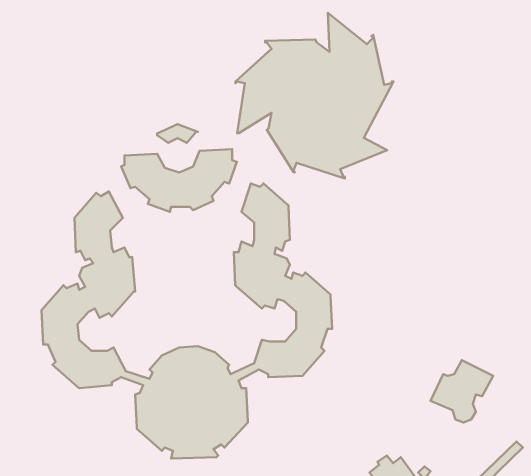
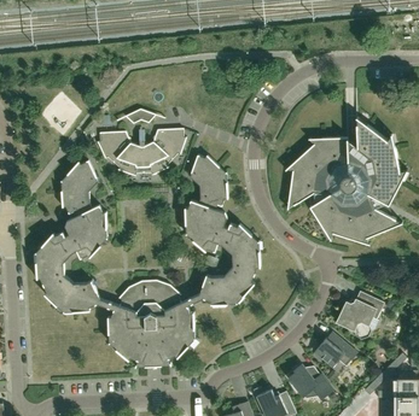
building: [236,13,393,178] -> [286,116,408,244]
building: none -> [315,332,357,367]

